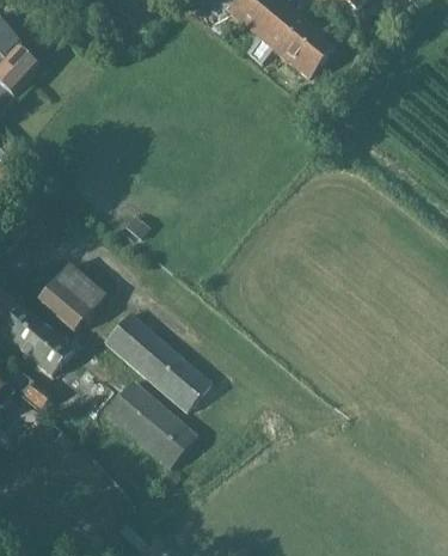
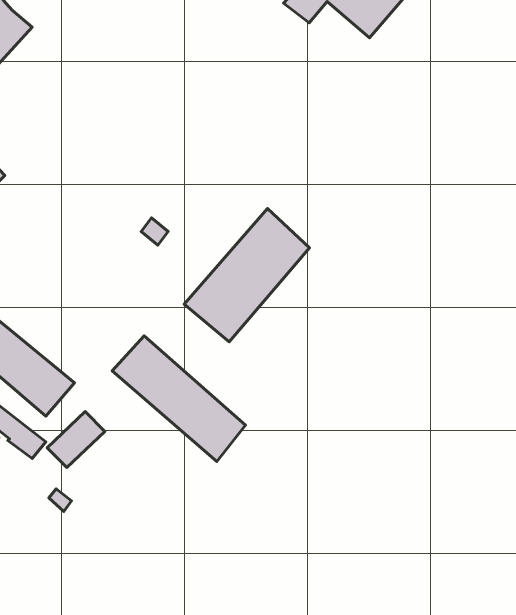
building: none -> [184,208,310,342]
building: [37,264,105,331] -> none
building: [104,379,196,468] -> none

